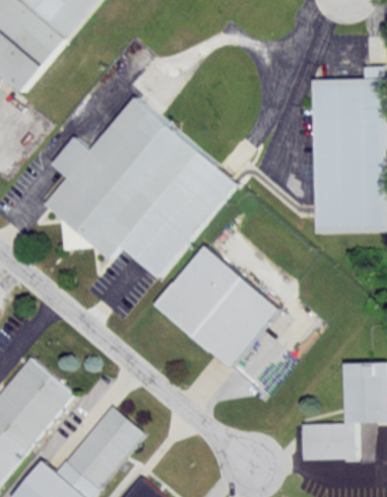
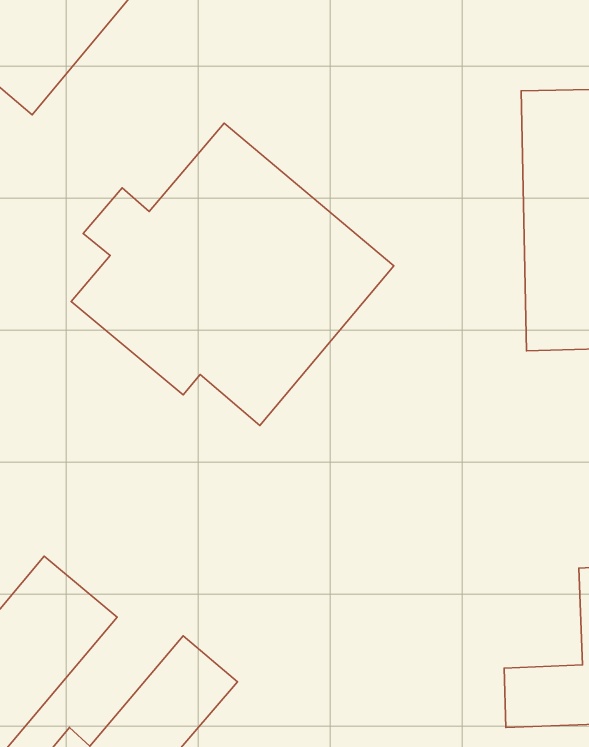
building: [155,246,280,368] -> none

